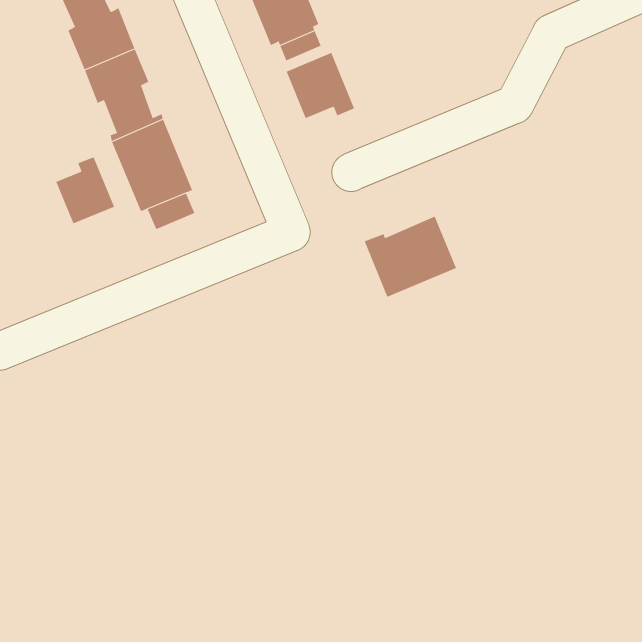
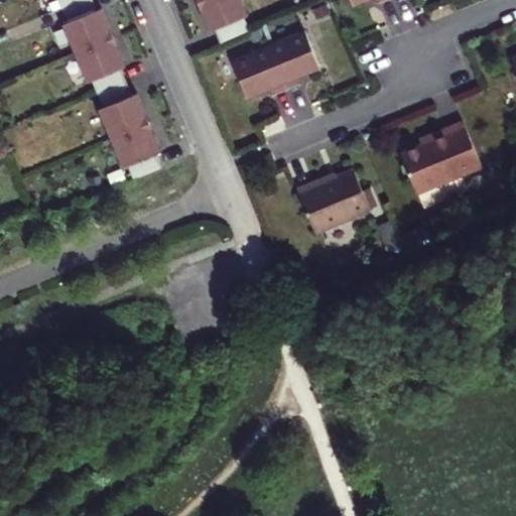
building: none -> [270,26,322,86]
building: none -> [397,122,479,195]
building: [55,157,115,224] -> none

